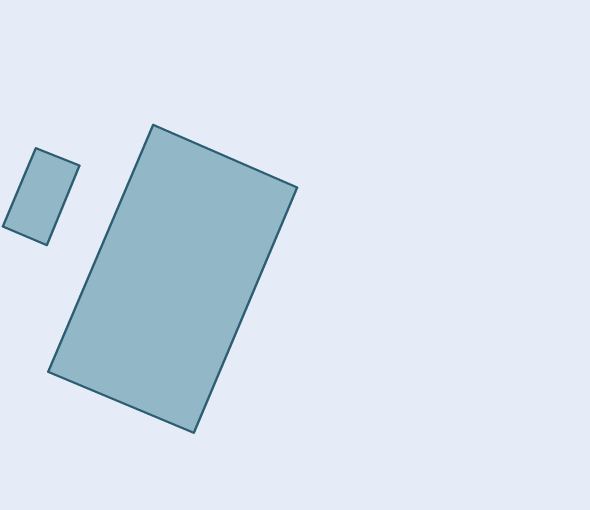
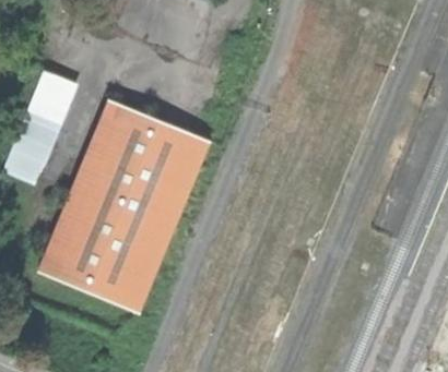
building: none -> [27,72,75,127]

